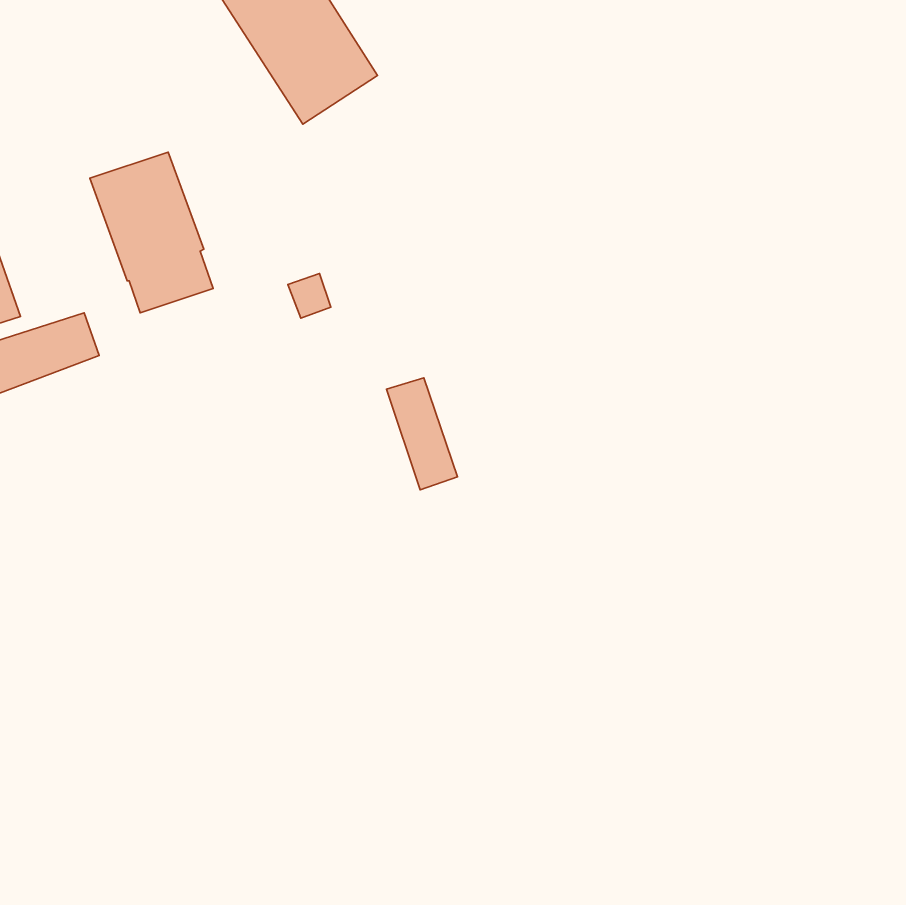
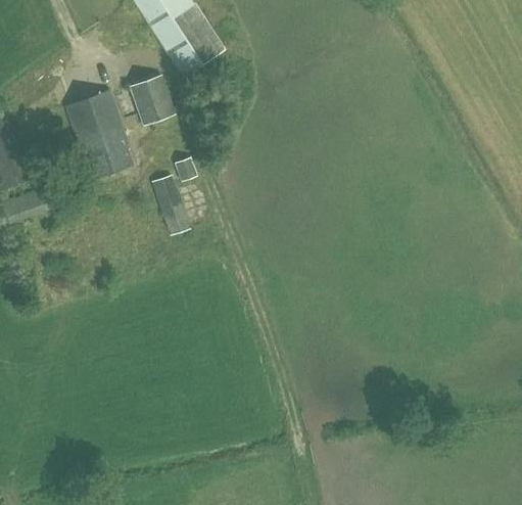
building: none -> [129,76,174,125]
building: [387,378,458,490] -> [151,174,190,235]

